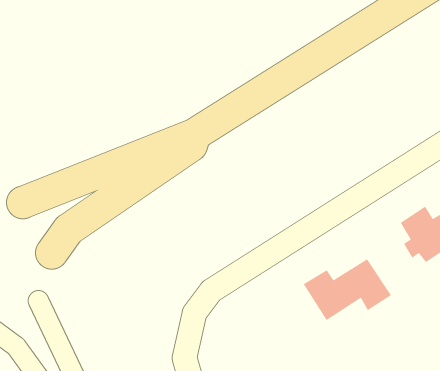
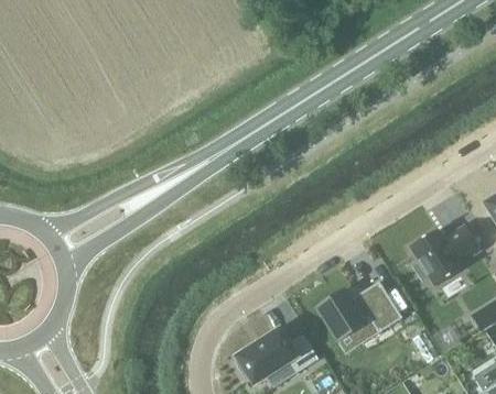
building: none -> [236,327,319,382]

